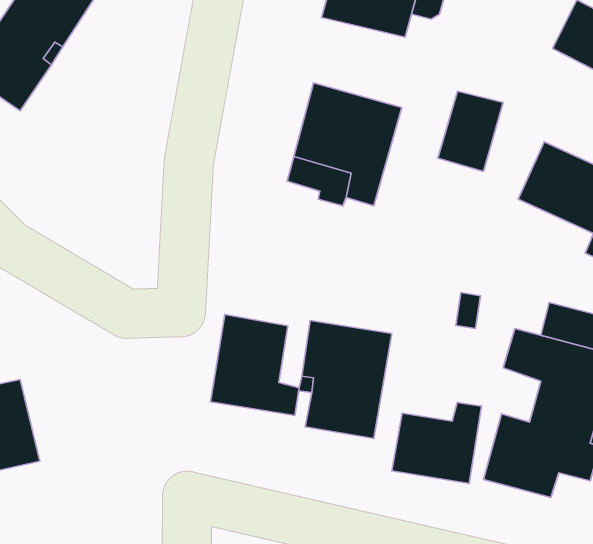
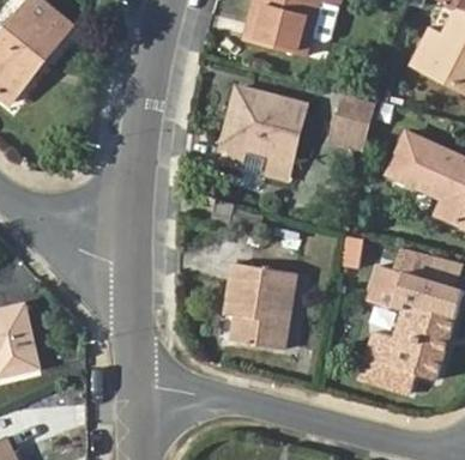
building: [211,315,299,415] -> none
building: [392,402,481,483] -> none

